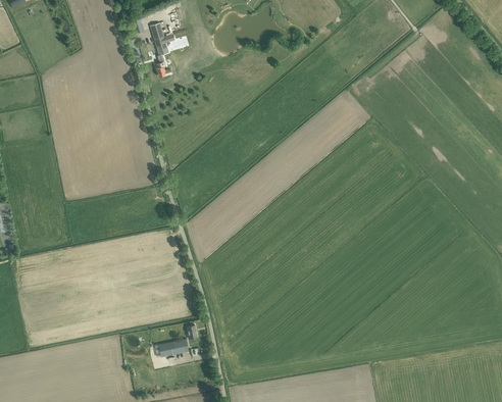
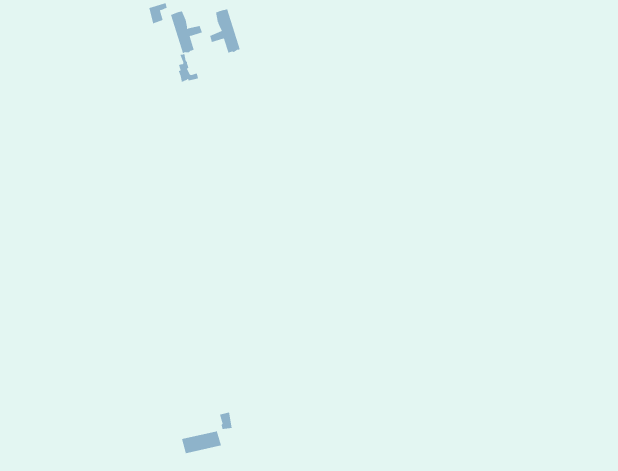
building: none -> [210,9,240,53]

